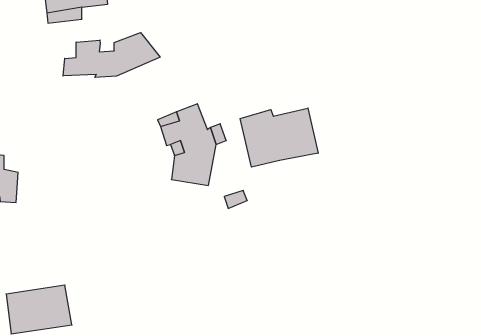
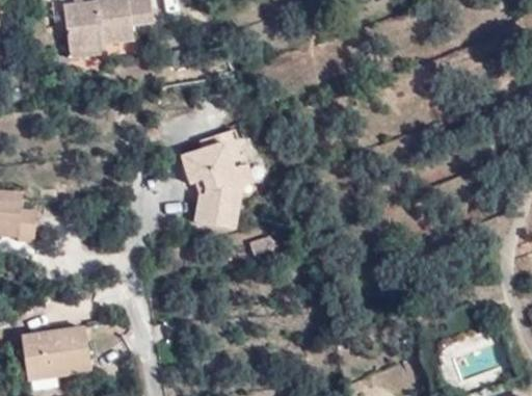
building: [63,33,160,77] -> none
building: [240,108,318,167] -> none

